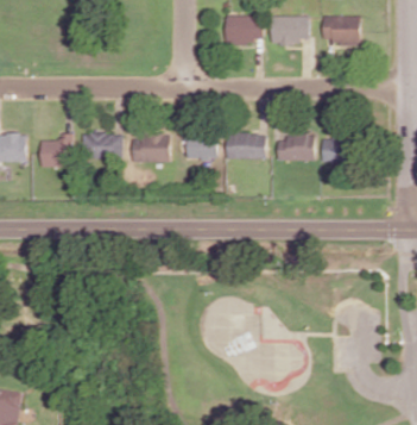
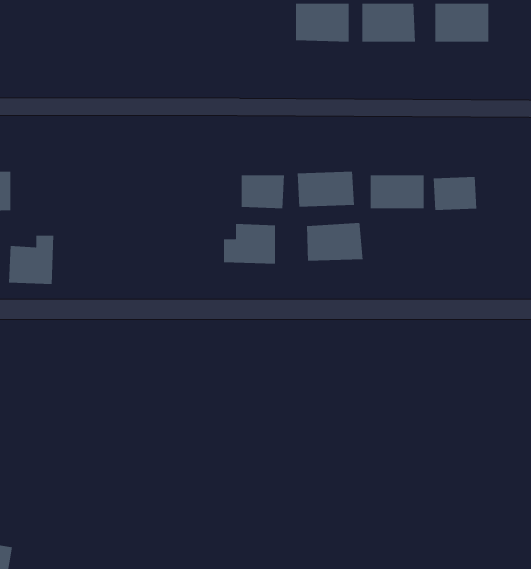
building: [40,132,72,167] -> [8,235,54,284]
building: [82,132,122,158] -> none
building: [133,133,170,162] -> [223,223,276,264]
building: none -> [306,222,363,262]

